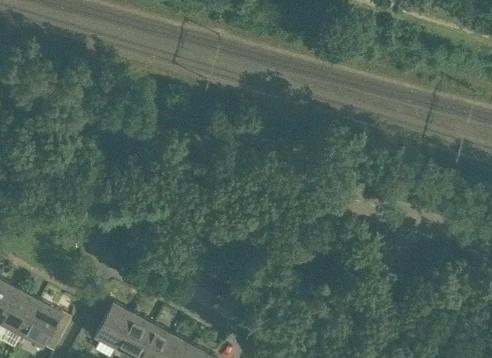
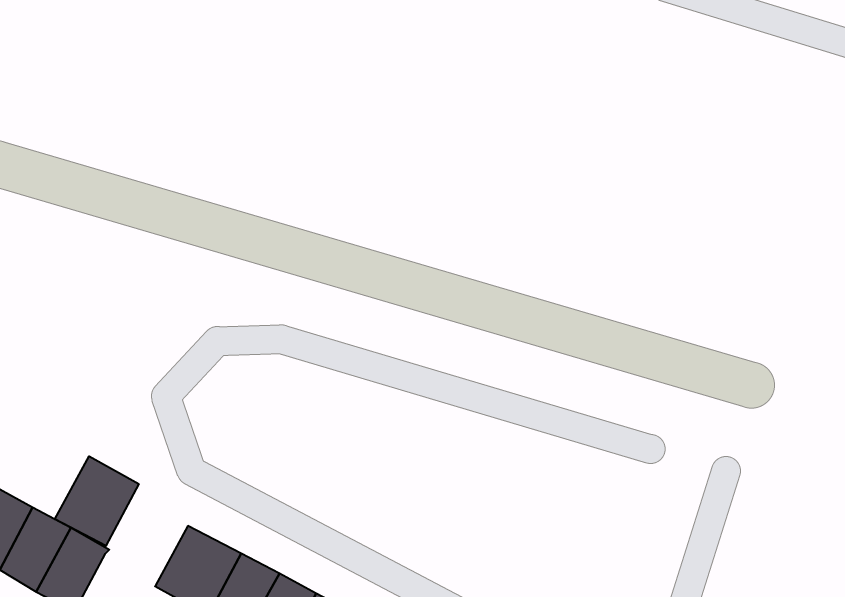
building: none -> [55,456,139,546]

